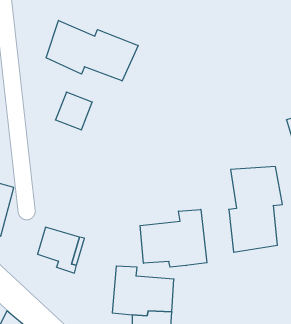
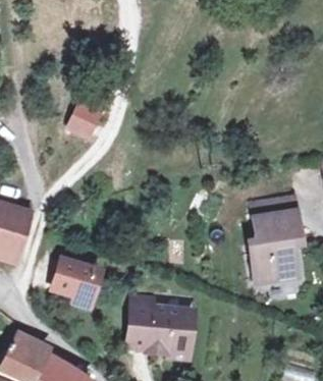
building: [46,20,138,81] -> none
building: [140,209,207,267] -> none

